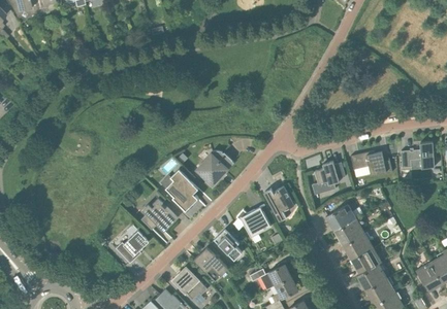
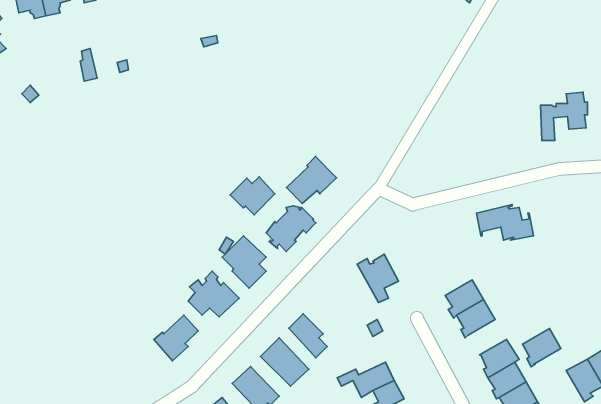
building: none -> [287,157,337,204]
building: none -> [230,177,275,215]
building: [402,141,436,176] -> [541,92,587,141]
building: [315,161,346,193] -> none
building: [237,206,272,236] -> none
building: [345,233,373,261] -> [523,329,561,367]

